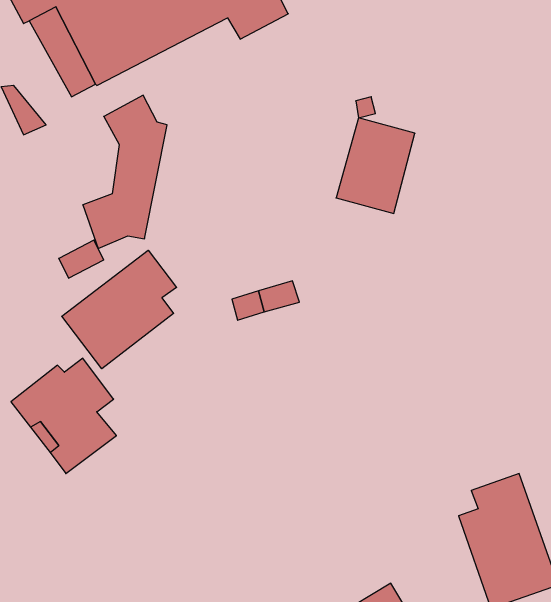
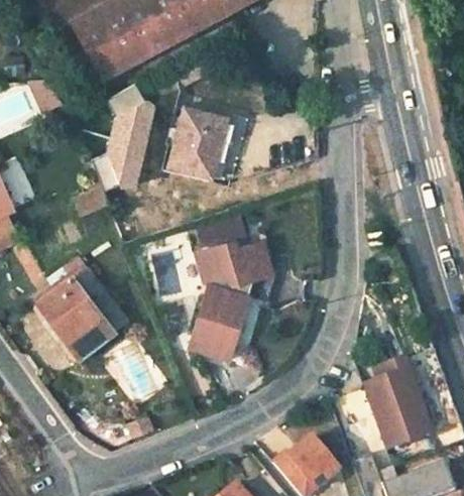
building: [336,118,415,213] -> [170,106,227,174]
building: [62,250,177,369] -> none
building: none -> [193,239,273,356]

